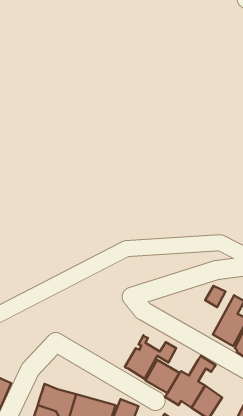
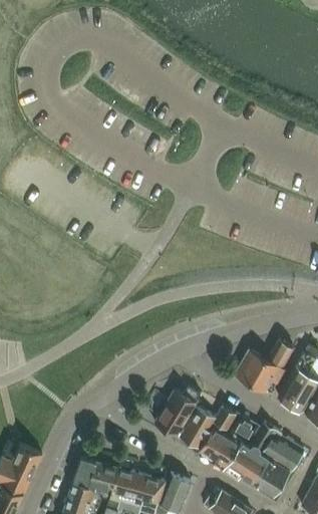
building: none -> [234,350,285,392]
building: none -> [155,387,201,437]
building: none -> [226,414,261,446]
building: none -> [261,436,303,474]

